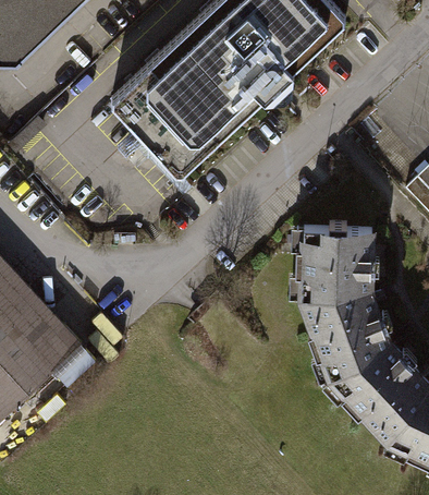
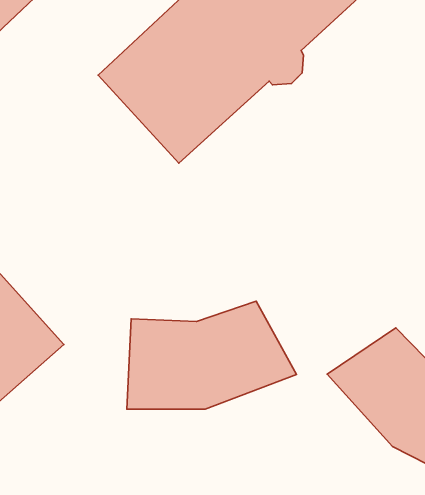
building: [290,222,384,374] -> none
building: none -> [127,301,296,409]

